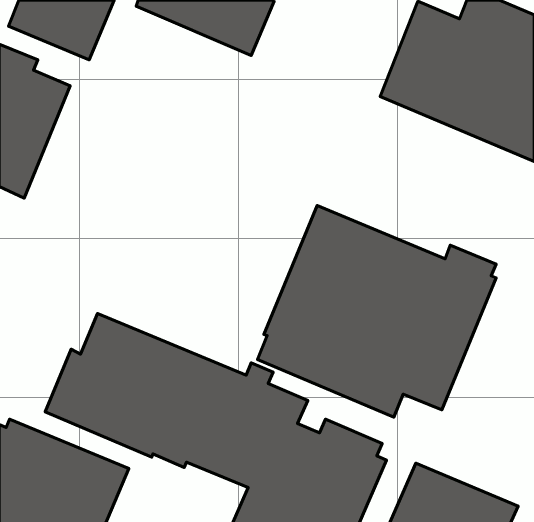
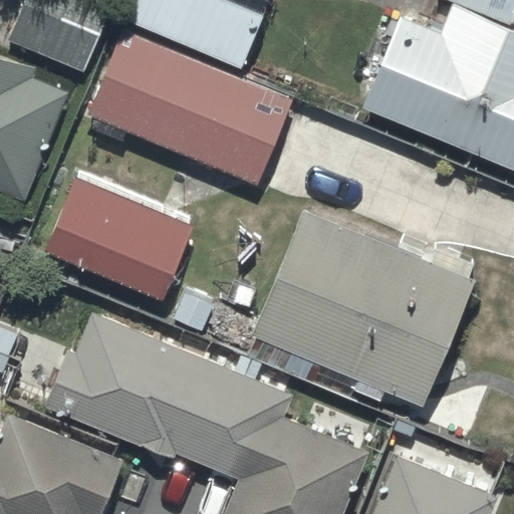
building: none -> [88,32,295,187]
building: none -> [46,177,193,296]

